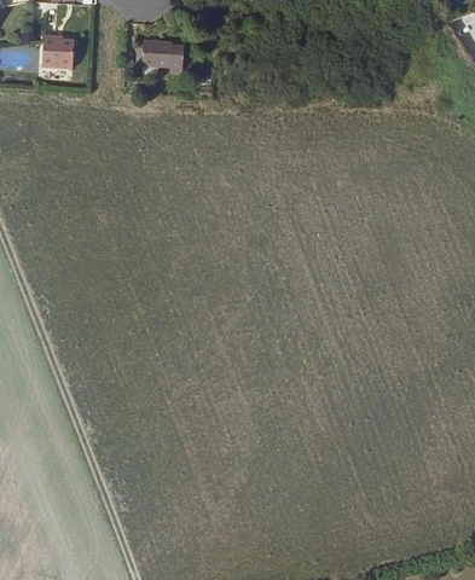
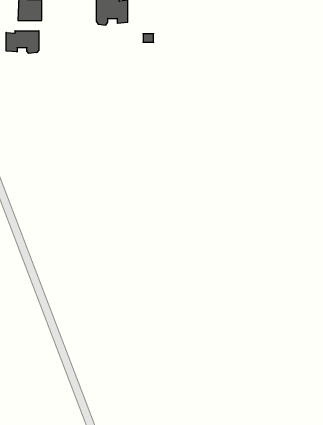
building: none -> [6,31,39,53]

